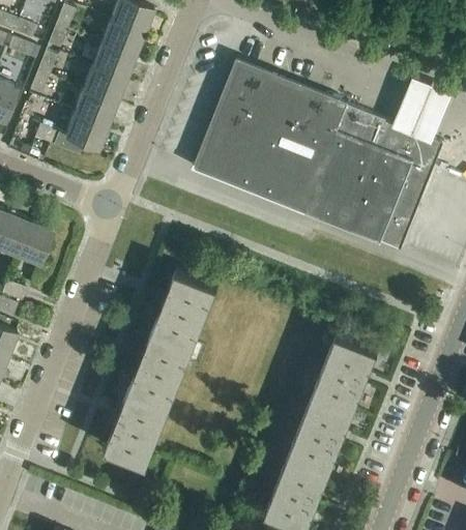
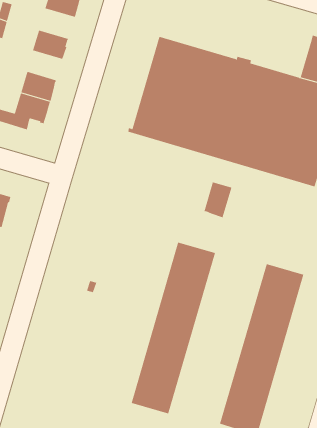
building: [100,19,144,56] -> none
building: [83,65,125,101] -> none
building: none -> [204,181,232,218]
building: [105,268,217,464] -> [131,242,216,414]

